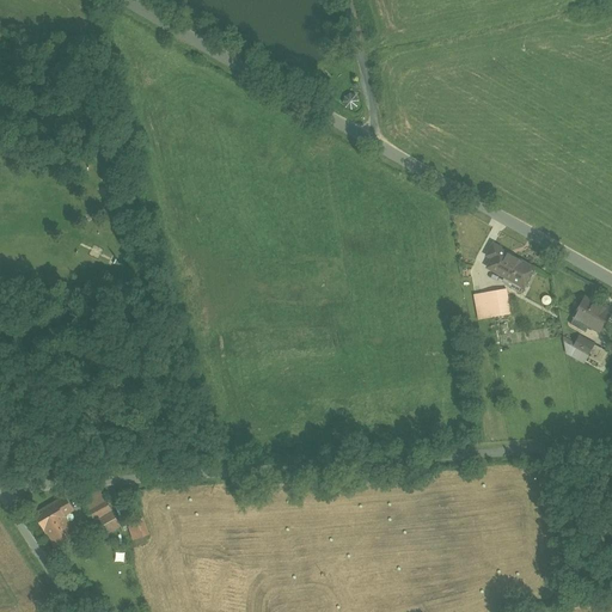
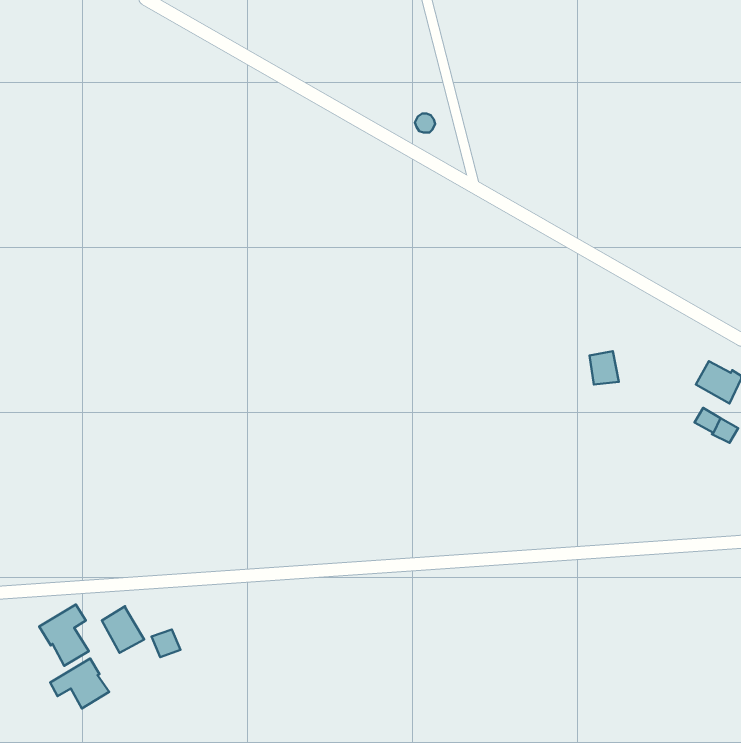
building: [485,244,530,284] -> none
building: none -> [50,658,109,708]

